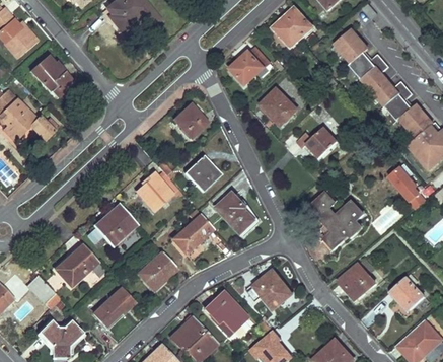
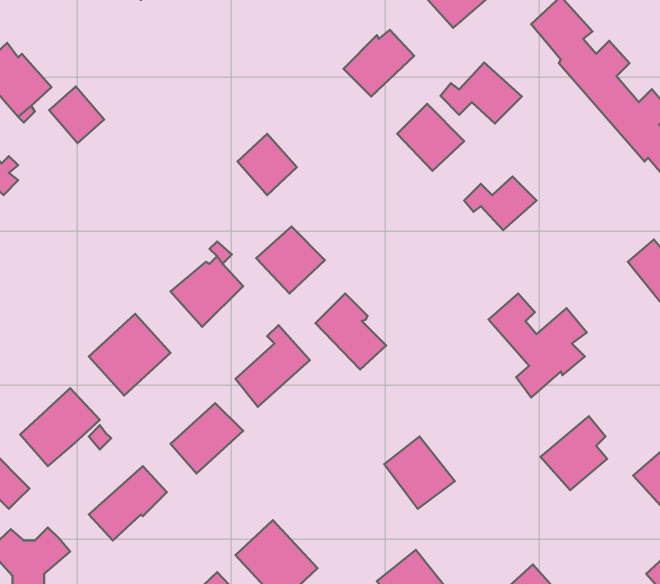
building: none -> [440,63,522,123]
building: none -> [49,86,104,143]
building: [205,291,247,331] -> none

